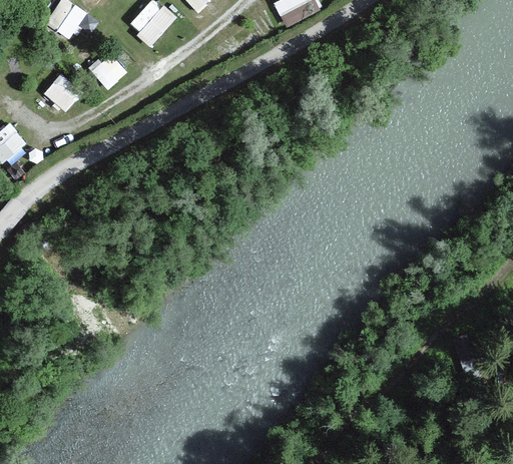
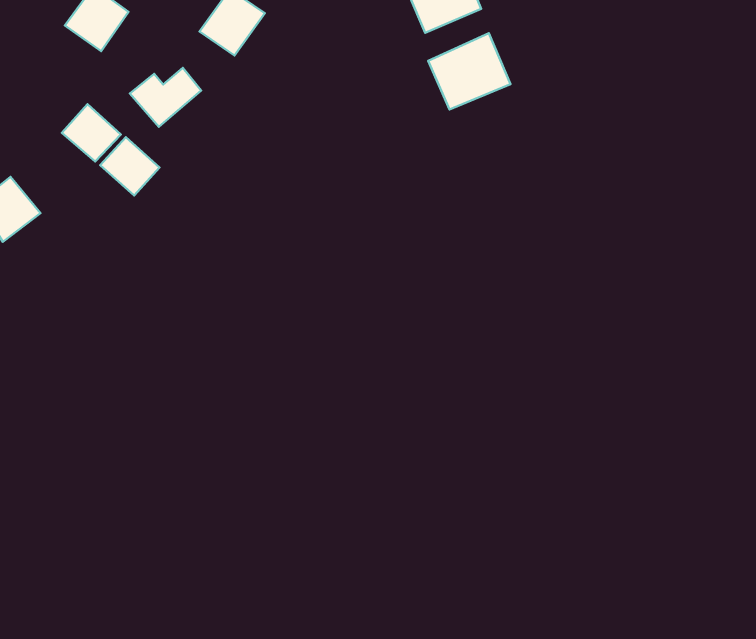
building: none -> [428,33,511,109]
building: none -> [100,137,160,195]

